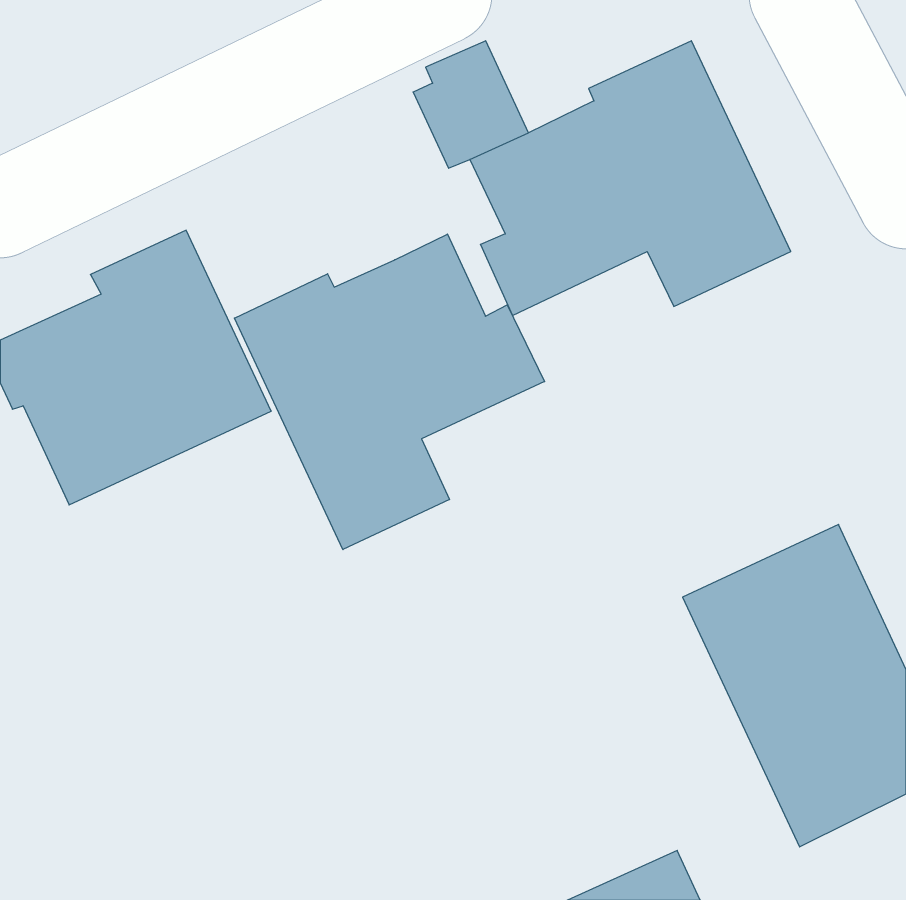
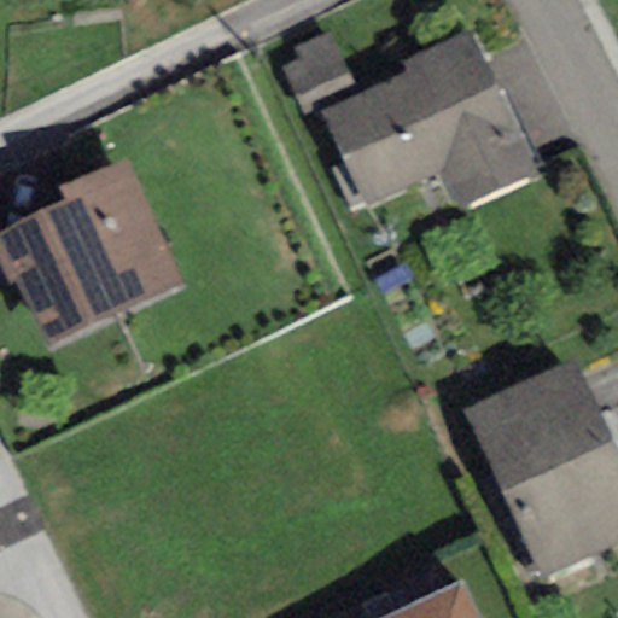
building: [234,234,545,550] -> none

